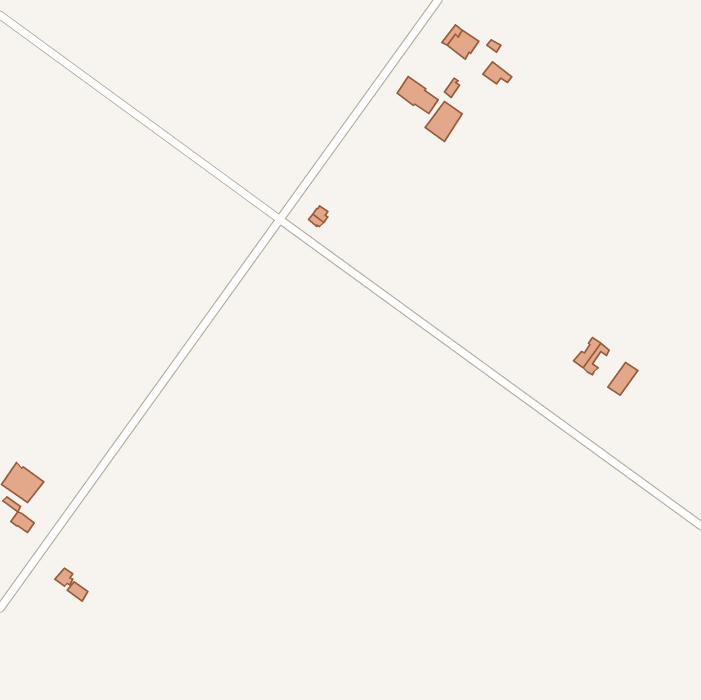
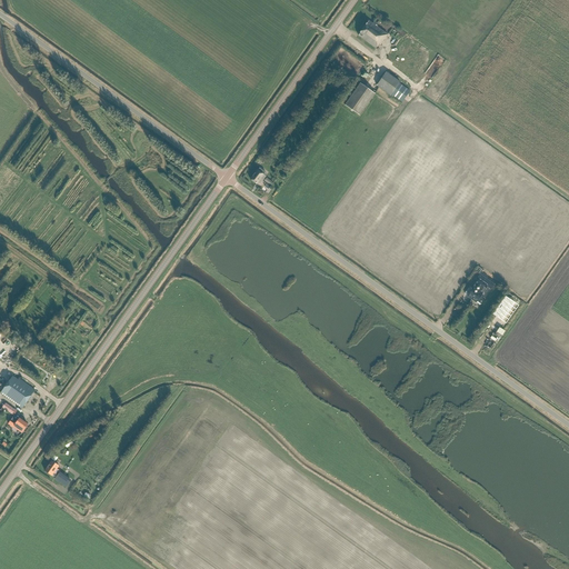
building: [397,77,438,114] -> [377,71,410,101]

